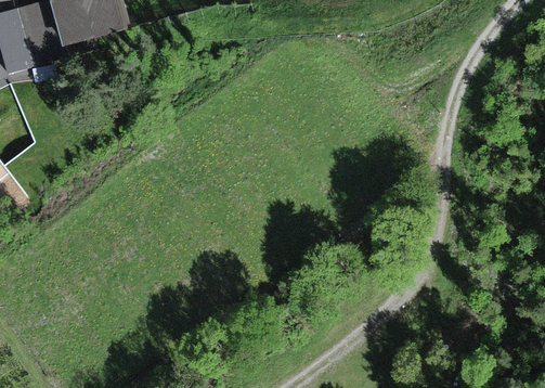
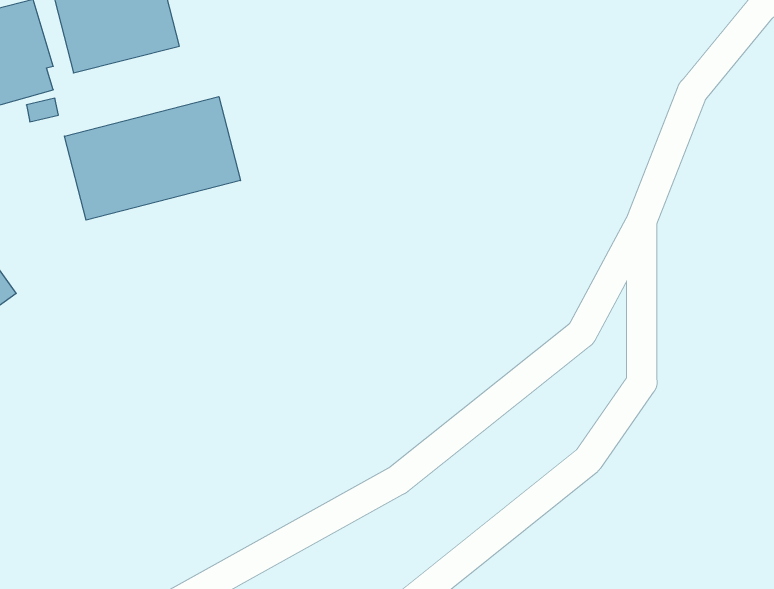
building: none -> [64,97,240,220]

